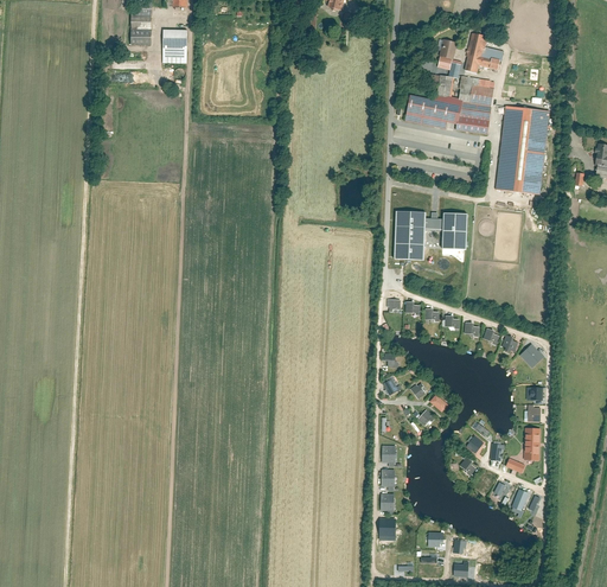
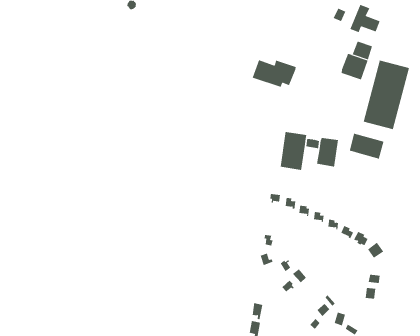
building: [408,91,465,127] -> [252,60,296,88]
building: none -> [349,133,384,159]
building: [523,426,539,458] -> none

